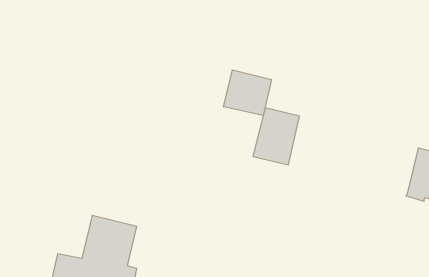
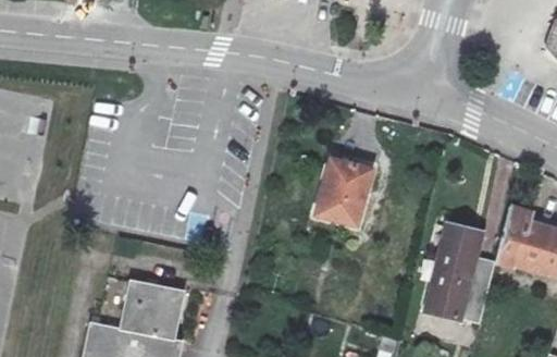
building: [224,70,271,116] -> none
building: none -> [428,225,496,323]

